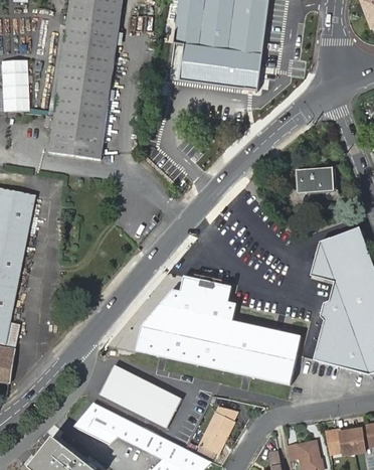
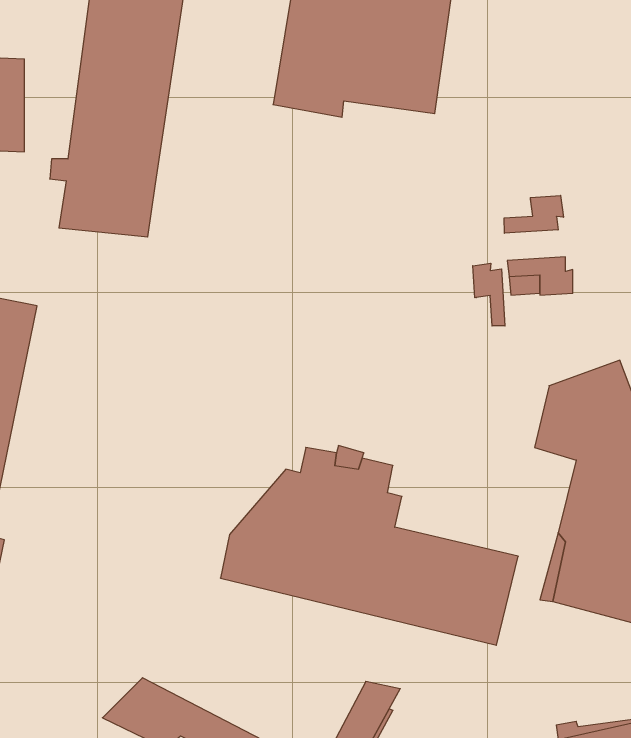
building: none -> [504,195,563,233]
building: none -> [473,263,505,326]
building: [99,365,181,428] -> none

